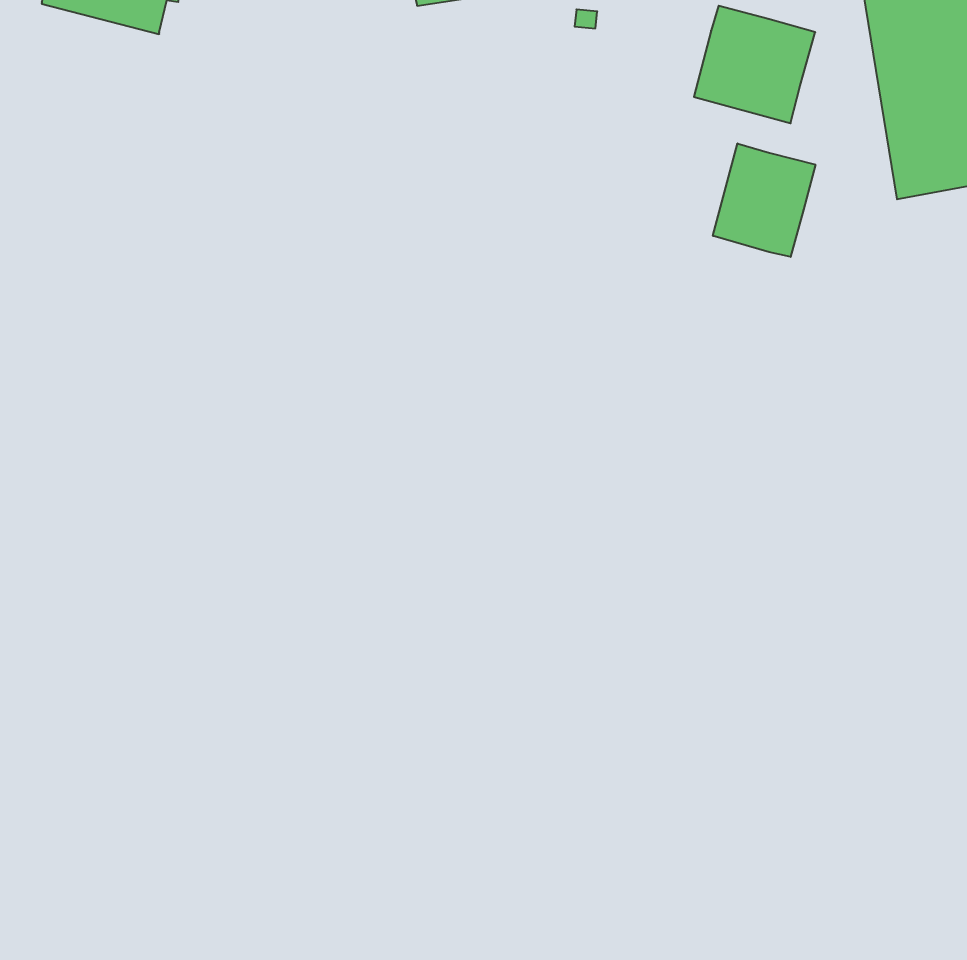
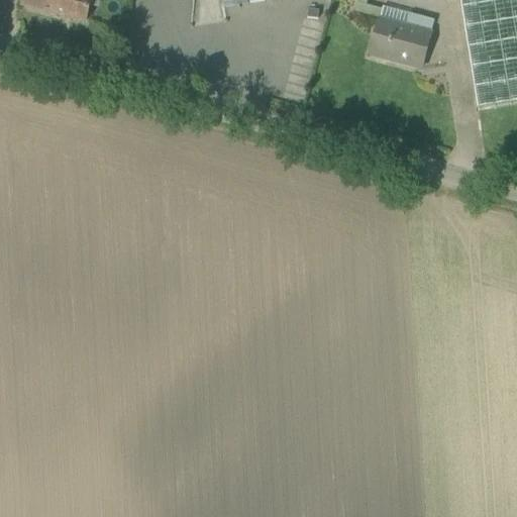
building: [713,143,815,257] -> none

